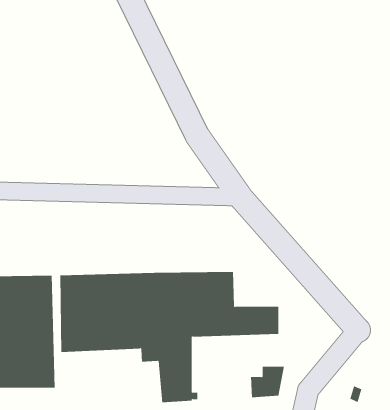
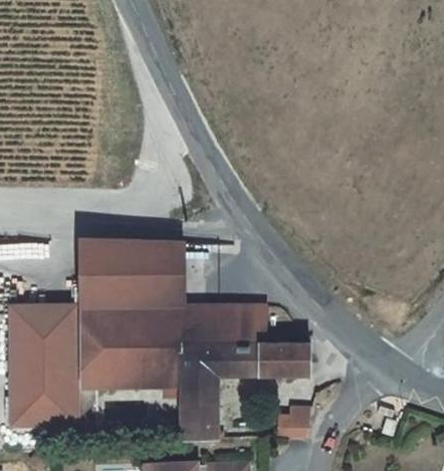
building: none -> [78,245,178,308]

